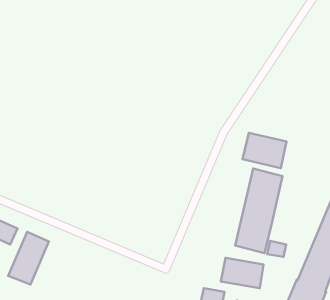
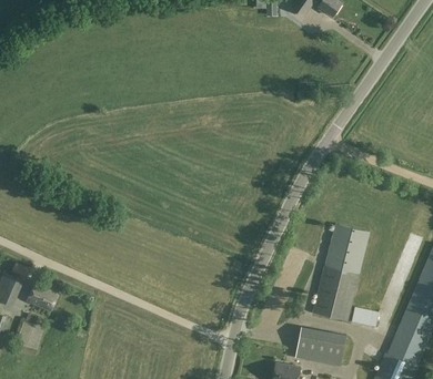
building: [243,133,286,168] -> none
building: [8,232,49,284] -> none

